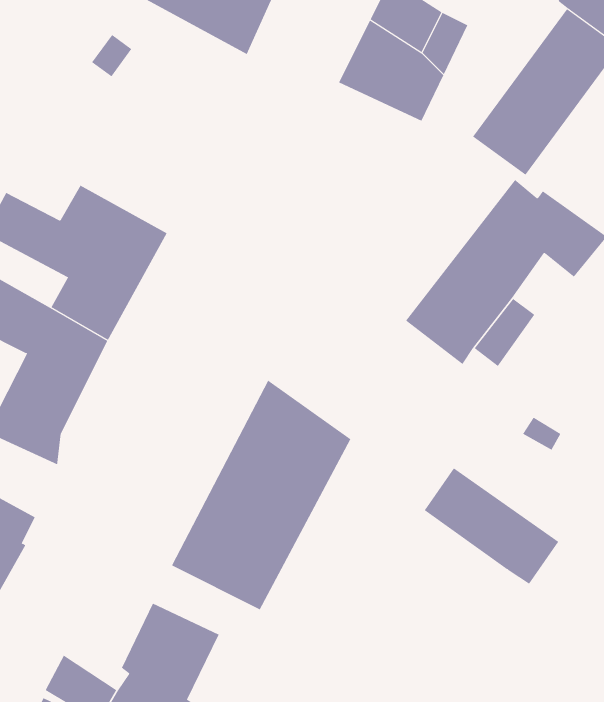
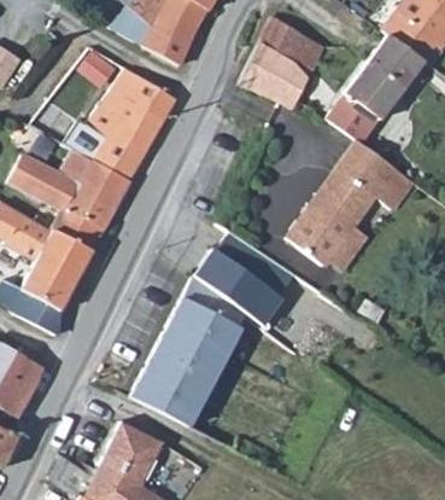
building: none -> [63,69,177,181]
building: [424,468,559,585] -> [194,249,282,325]

